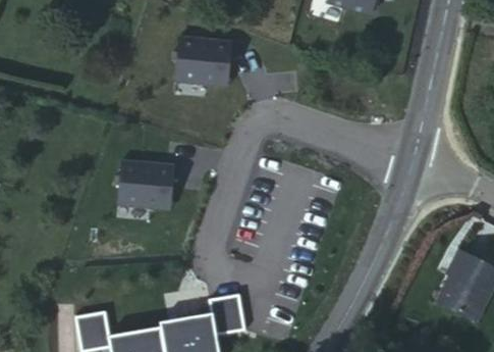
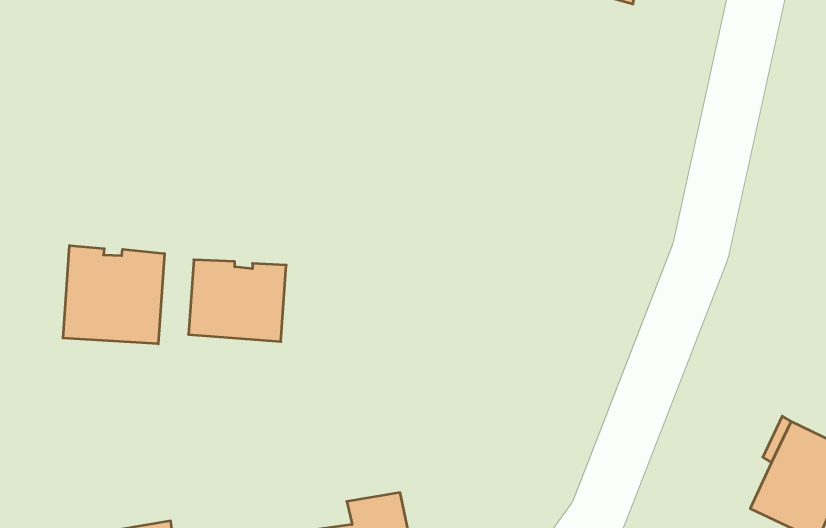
building: [173,38,230,87] -> none
building: none -> [63,245,164,344]

